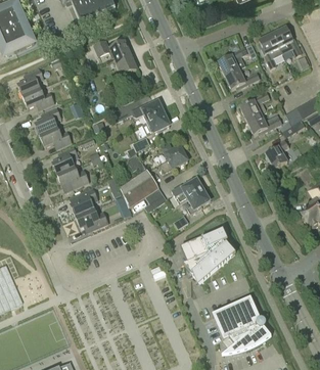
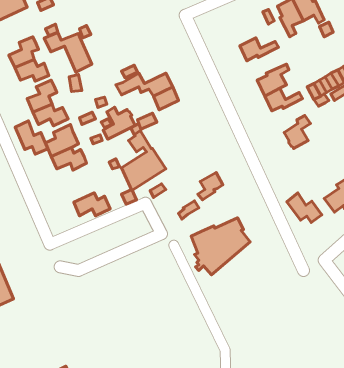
building: [94,40,137,76] -> [44,32,92,72]
building: [218,46,246,76] -> none
building: none -> [15,121,48,154]
building: [159,144,188,173] -> [103,107,135,139]
building: [172,178,203,203] -> none
building: [71,187,98,216] -> none
building: none -> [287,193,322,223]
building: [214,298,271,355] -> none

